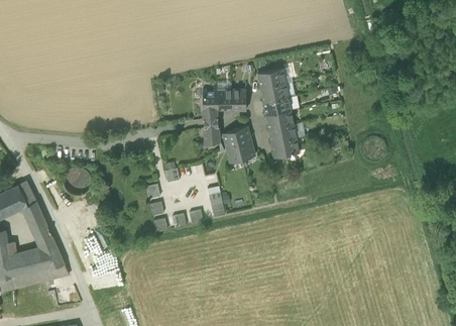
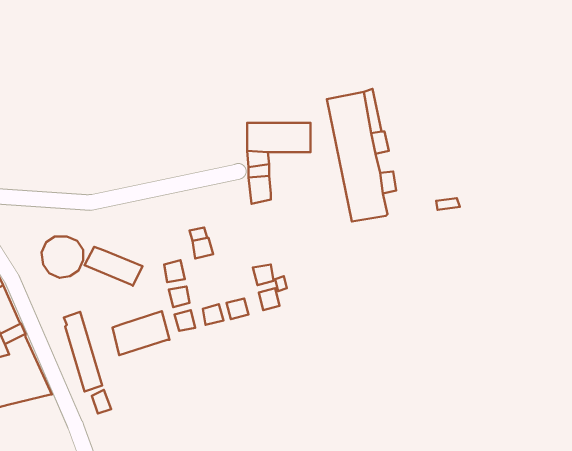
building: [222,126,253,164] -> none
building: none -> [84,247,142,286]
building: none -> [113,311,170,355]

